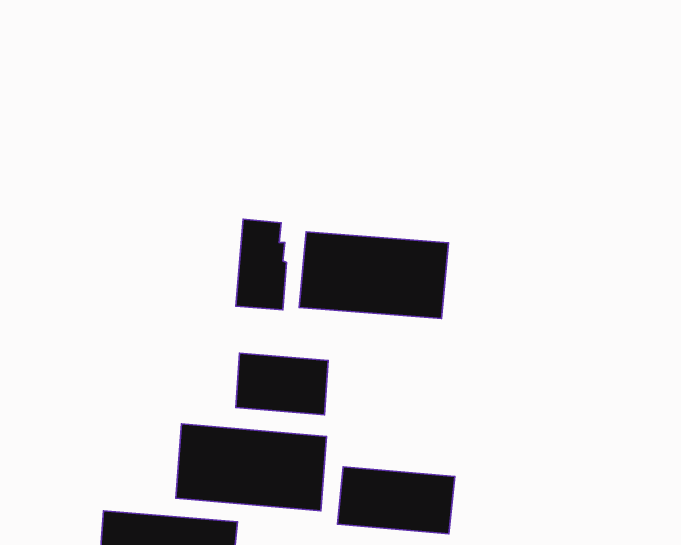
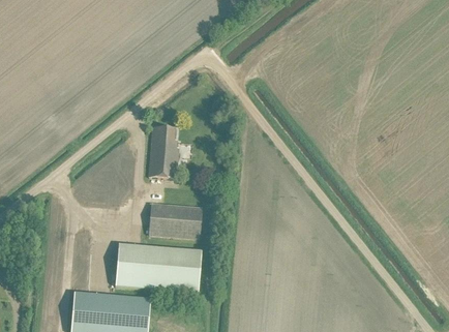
building: [299,232,448,318] -> none
building: [337,467,455,534] -> none

